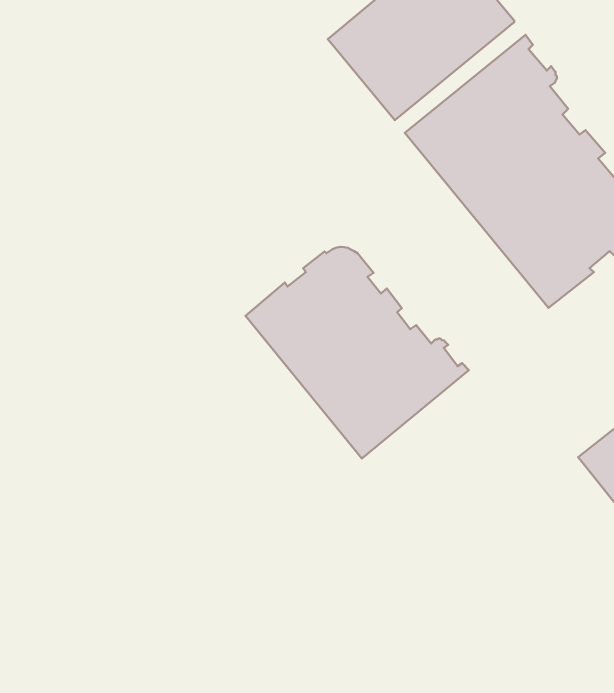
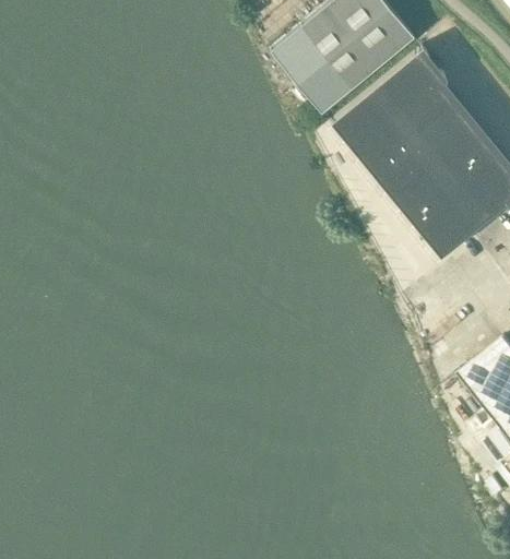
building: [246,247,469,458] -> none

